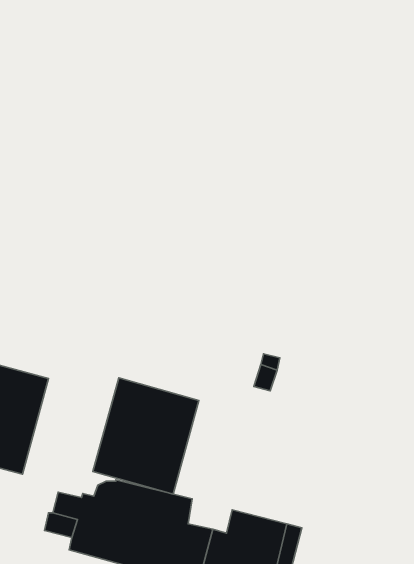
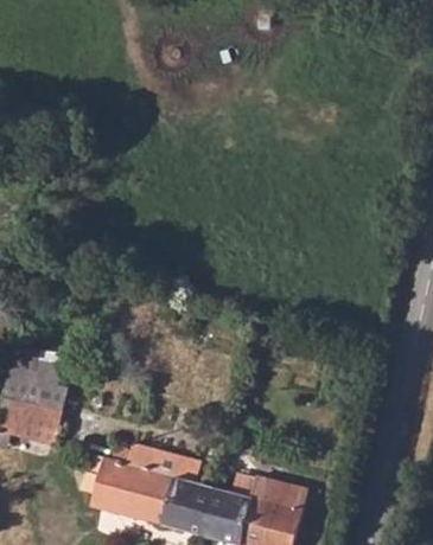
building: [93,378,199,494] -> none

